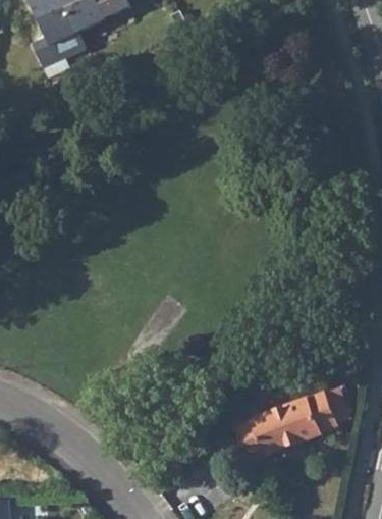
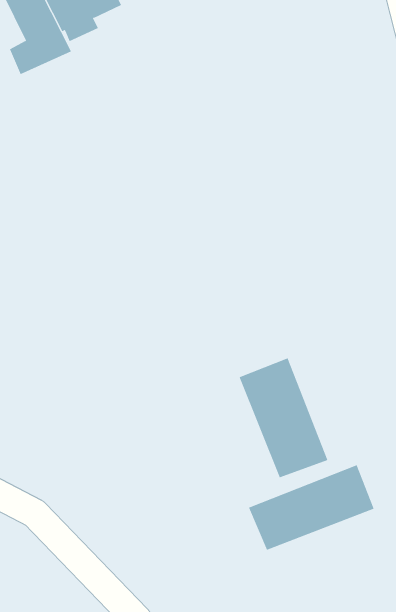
building: none -> [239,358,328,478]

